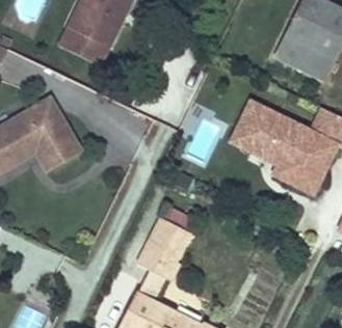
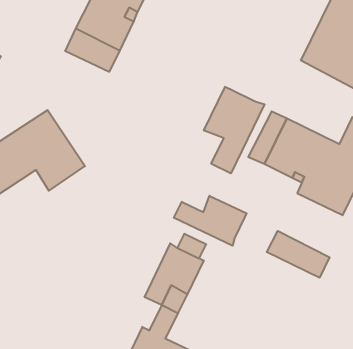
building: none -> [204,87,265,173]
building: none -> [174,196,247,246]
building: none -> [267,231,330,278]

